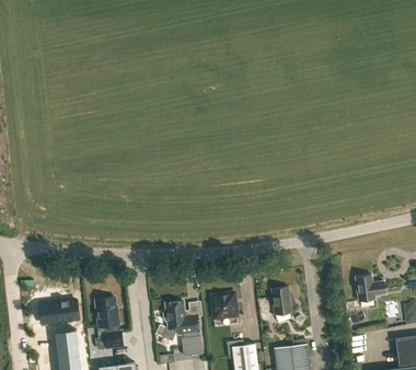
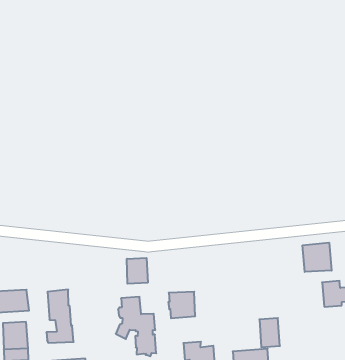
building: none -> [303,243,332,272]
building: none -> [127,258,148,284]
building: [270,287,291,315] -> [259,318,280,347]

